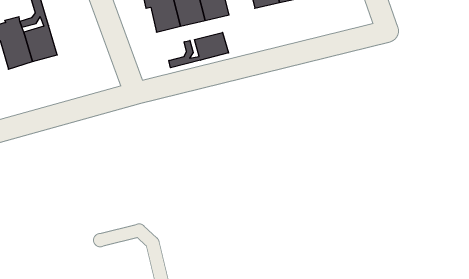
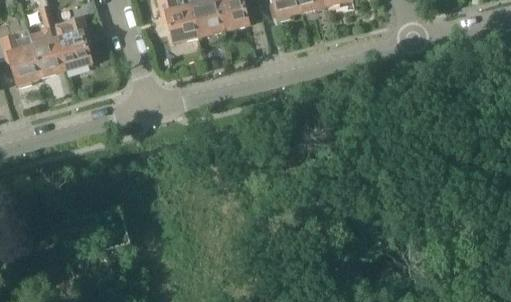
building: none -> [60,14,93,67]
building: [169,32,229,68] -> none

